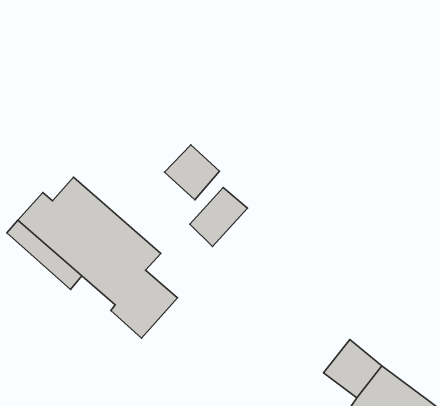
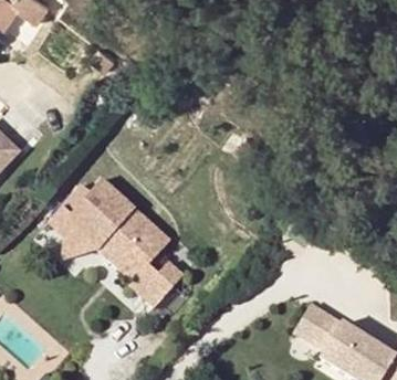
building: [165,145,220,200] -> none
building: [190,188,247,247] -> none

